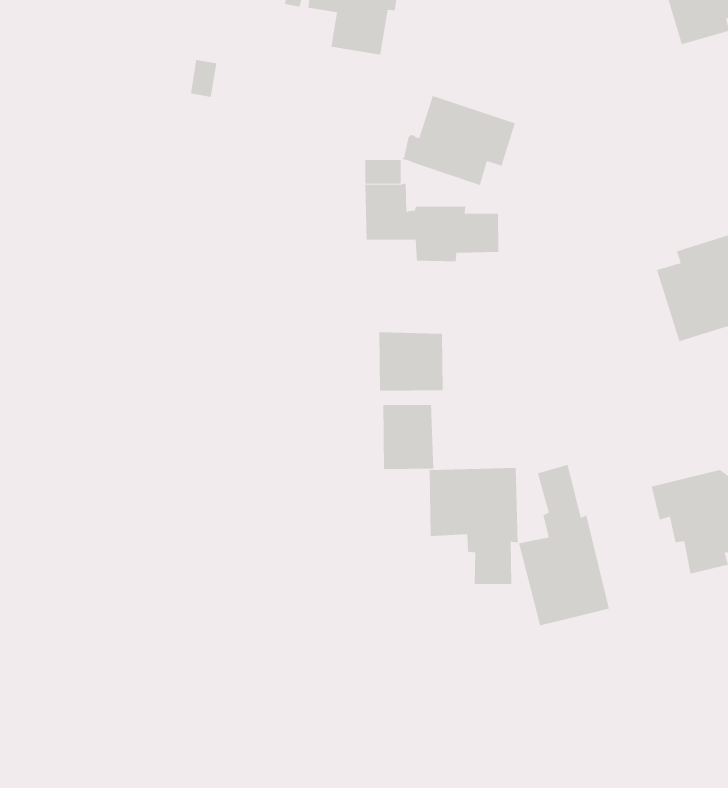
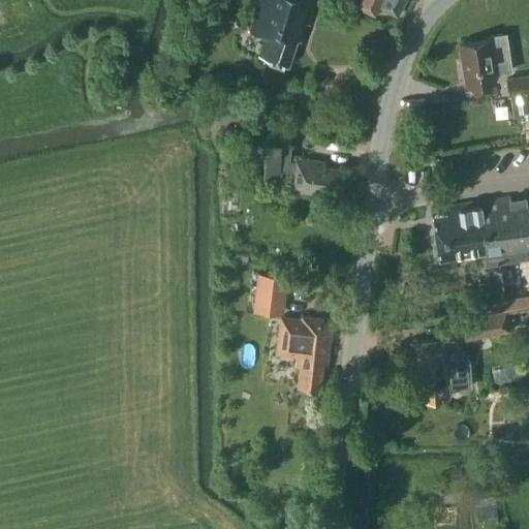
building: [401,95,515,186] -> none
building: [379,332,443,391] -> none
building: [519,464,609,626] -> none

